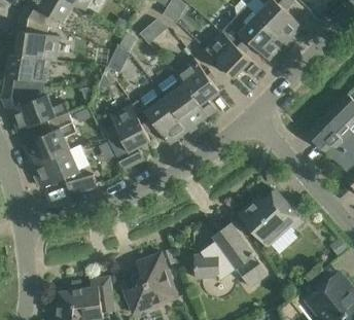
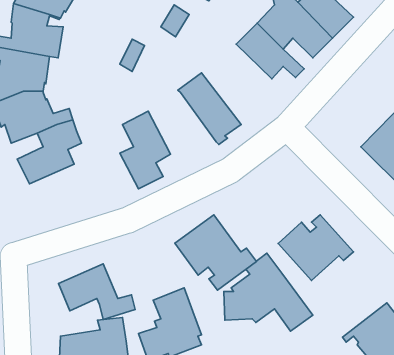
building: [176,59,219,116] -> none
building: [132,87,188,145] -> none
building: [33,149,97,195] -> [59,264,135,319]
building: none -> [175,215,256,290]

